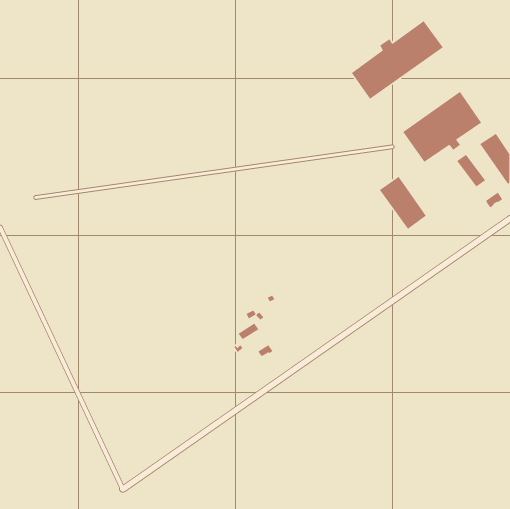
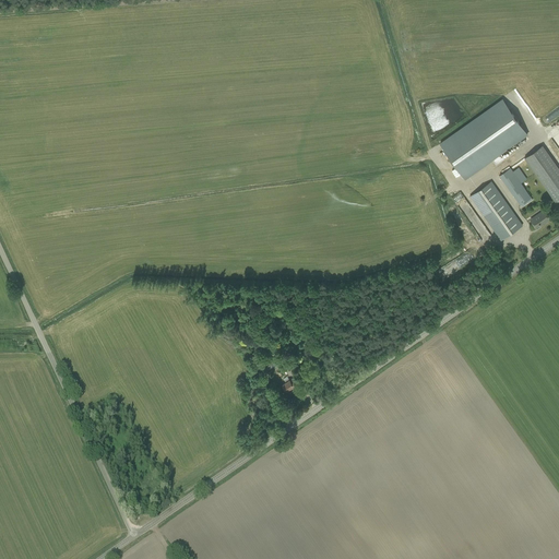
building: [351,20,444,100] -> none
building: [379,176,427,230] -> [469,182,522,241]

